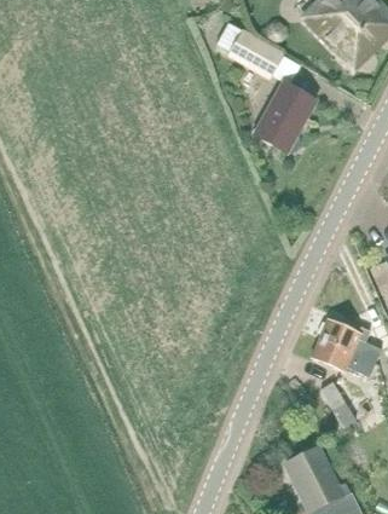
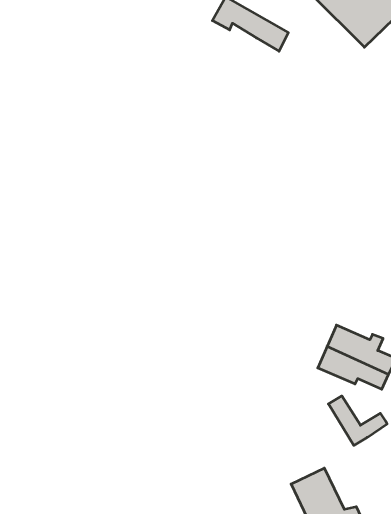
building: [254,81,317,152] -> none

